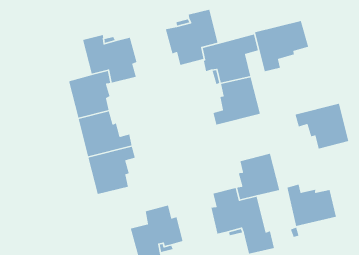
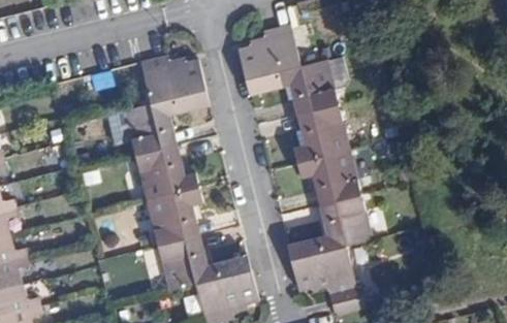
building: [254,20,309,72] -> none
building: [295,103,349,149] -> [296,150,360,204]
building: [286,184,337,227] -> none
building: none -> [157,235,216,290]

